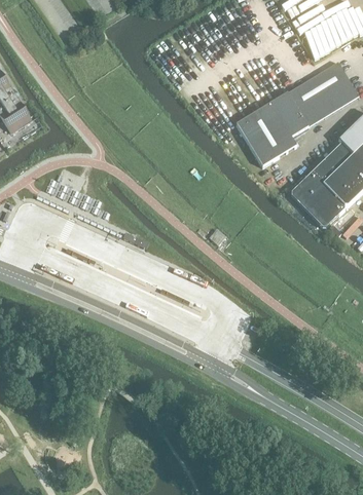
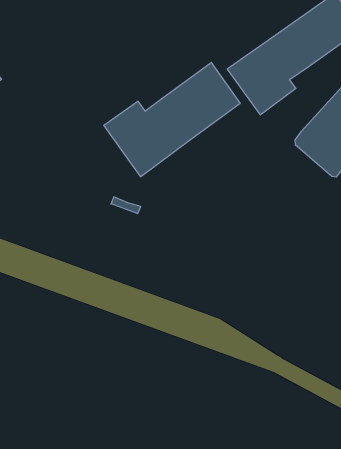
building: none -> [104,62,240,177]

